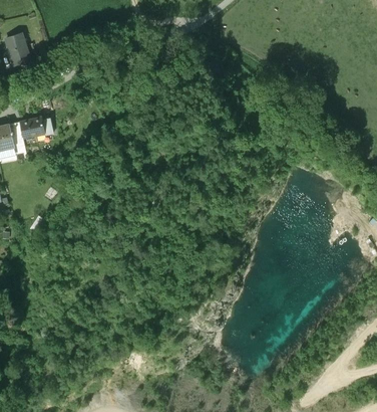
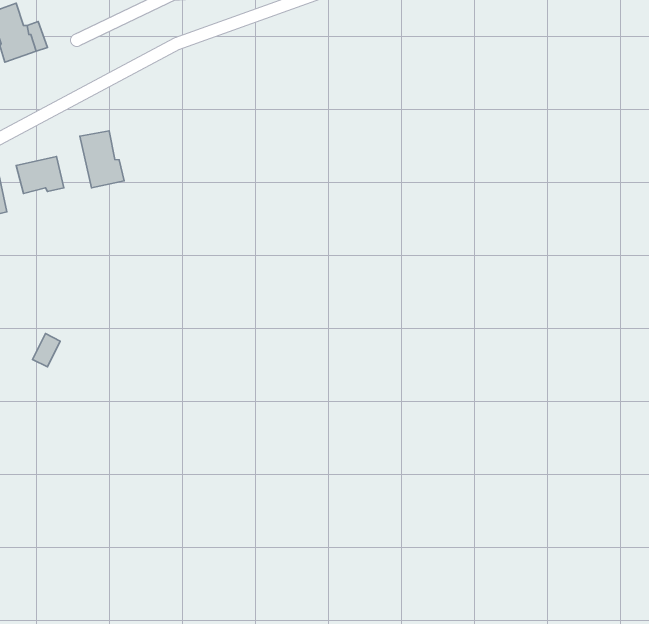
building: none -> [80,131,124,188]

